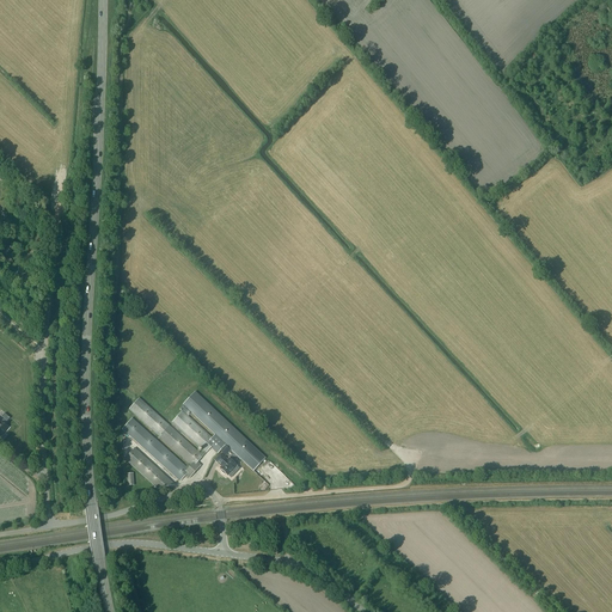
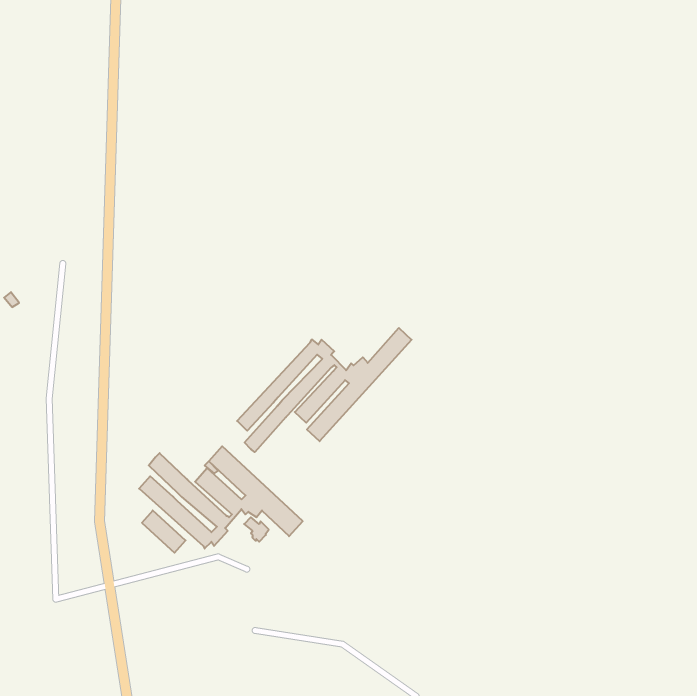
building: none -> [237,328,412,452]

